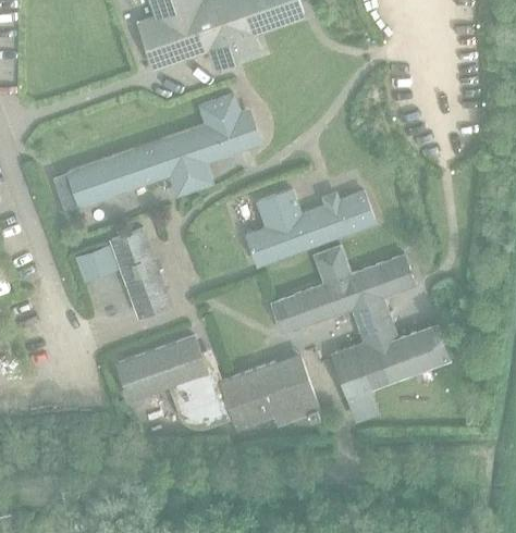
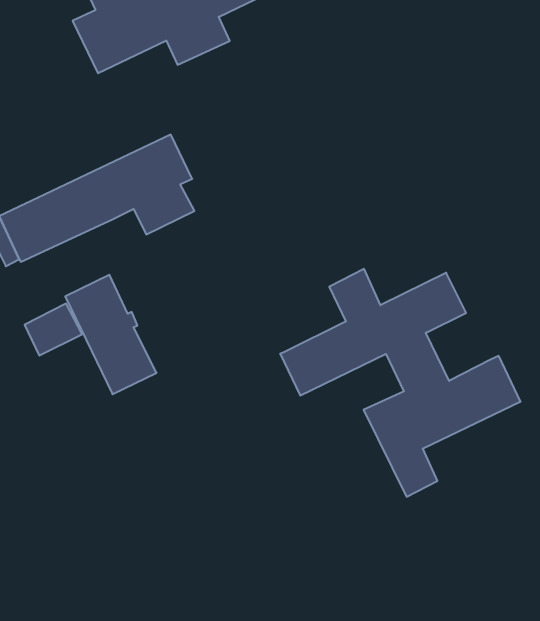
building: [196,90,262,159] -> none
building: [245,189,376,264] -> none
building: [115,339,318,430] -> none

